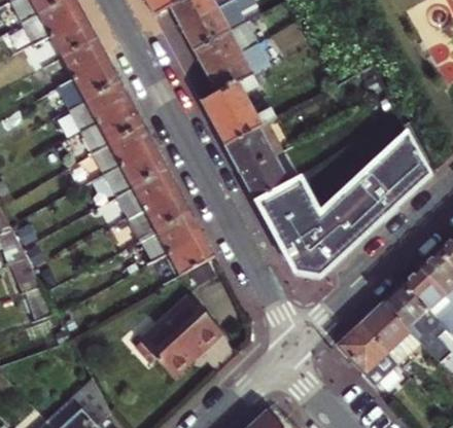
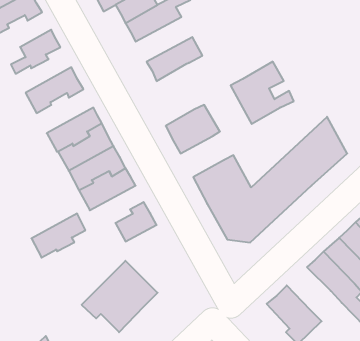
building: [46,15,96,55] -> none
building: [190,21,254,71] -> none
building: [56,55,118,106] -> none
building: [201,73,272,143] -> [231,62,294,124]
building: [79,102,143,151] -> none
building: [241,154,290,201] -> none
building: [139,210,200,259] -> [31,214,85,258]
building: [360,301,422,362] -> none

